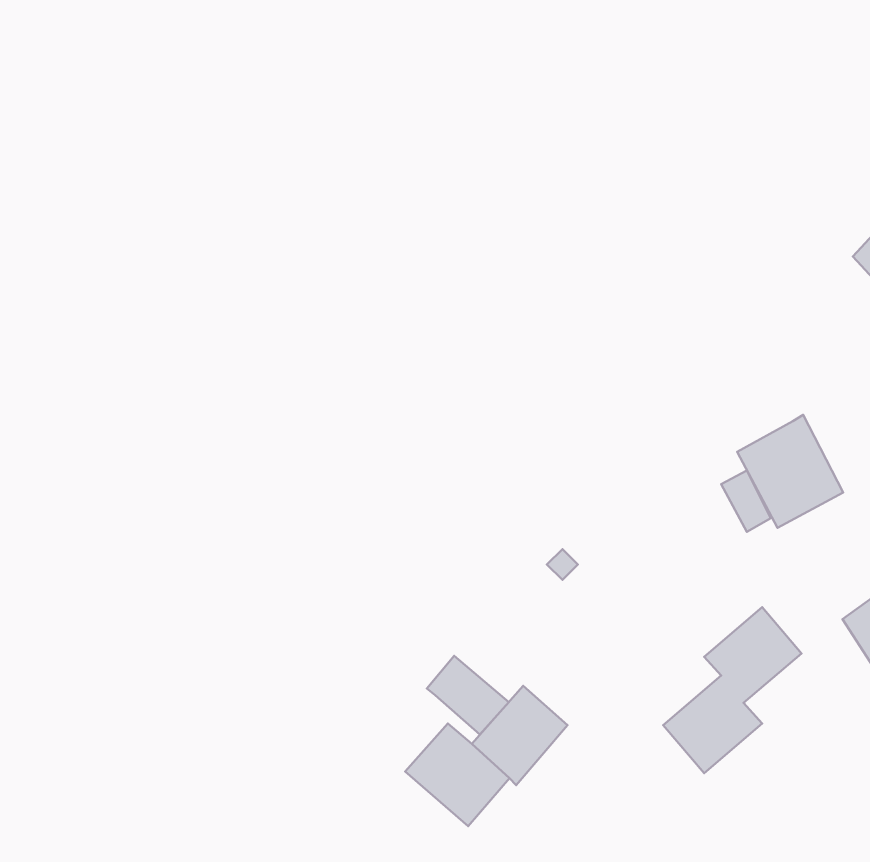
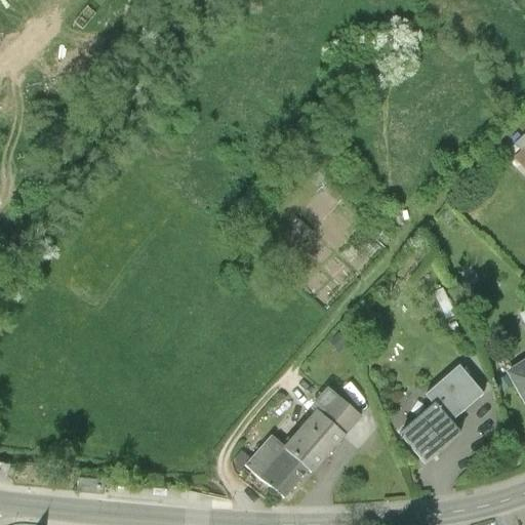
building: [737,415,843,528] -> none
building: [427,656,509,735] -> [311,388,360,435]

